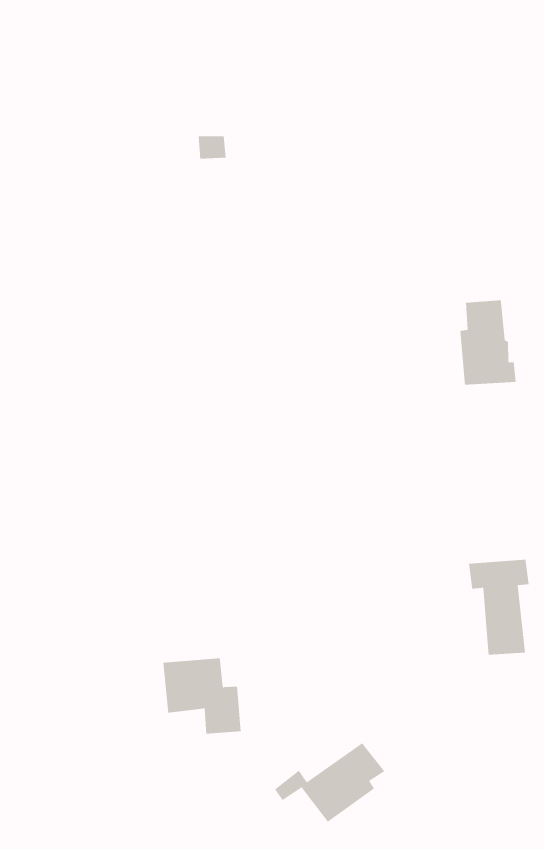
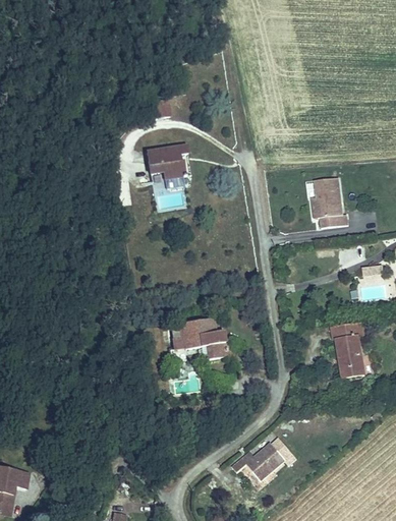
building: none -> [142,143,183,180]
building: [163,658,242,734] -> [179,317,227,361]

